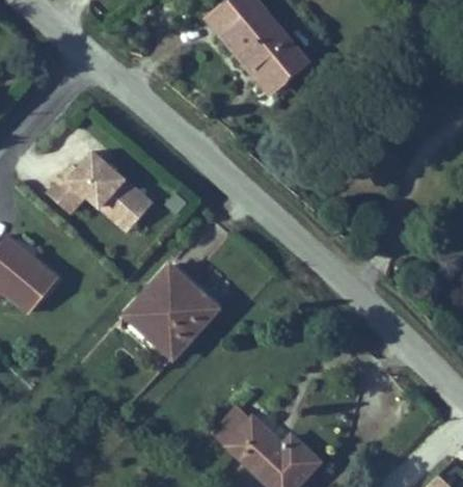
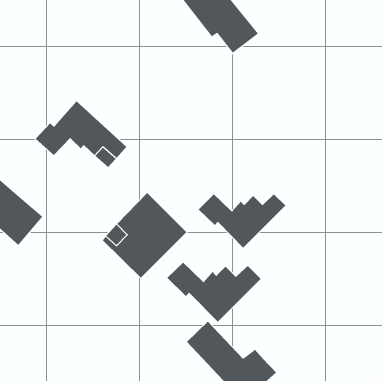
building: none -> [198,193,286,248]
building: none -> [167,262,261,322]

